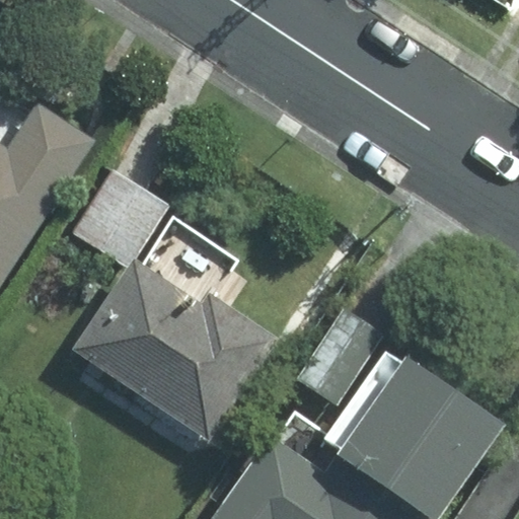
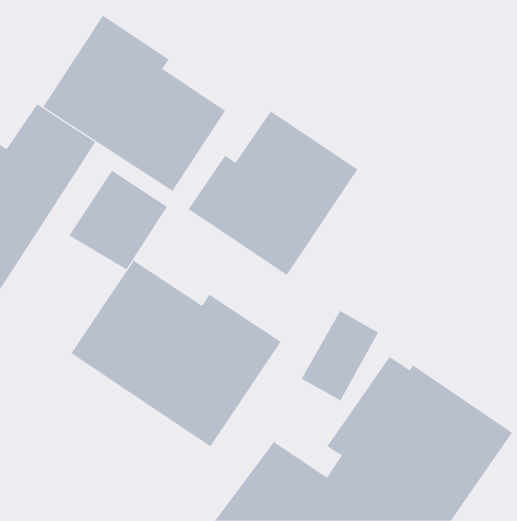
building: none -> [43,15,226,192]
building: none -> [188,110,358,276]

